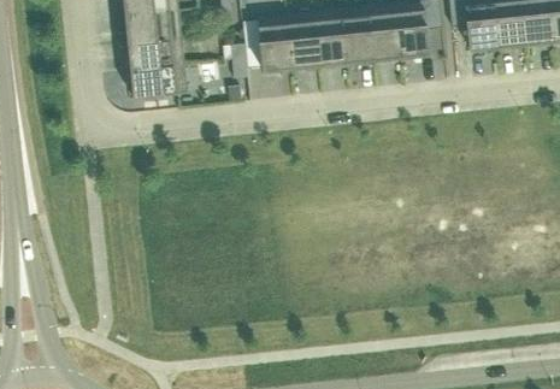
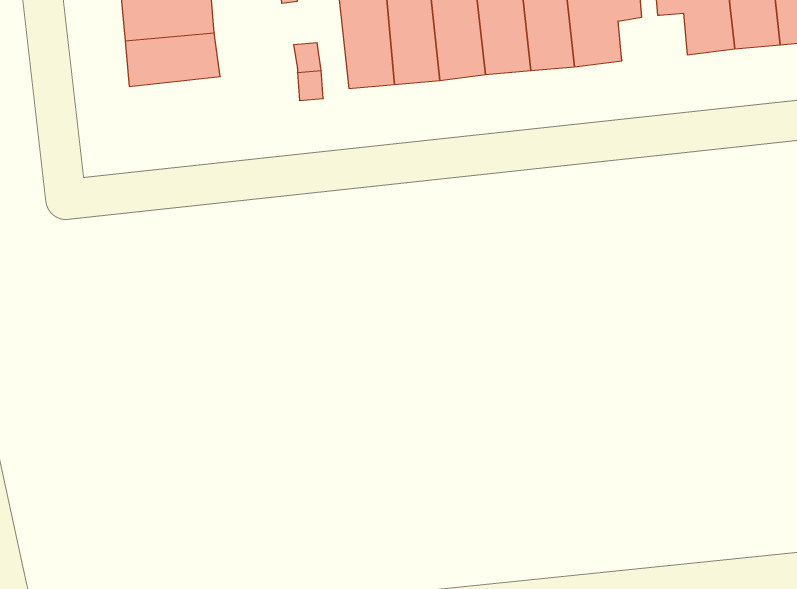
building: [130,64,188,98] -> none

